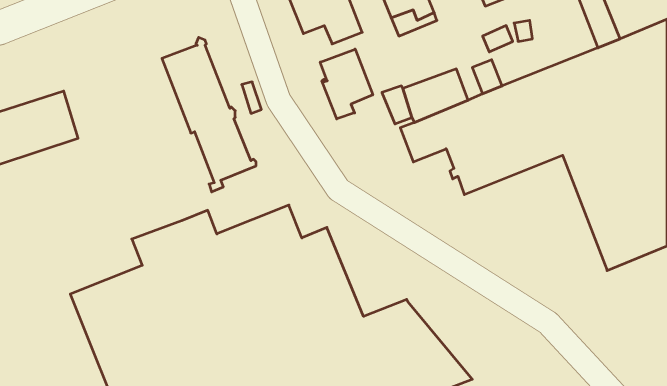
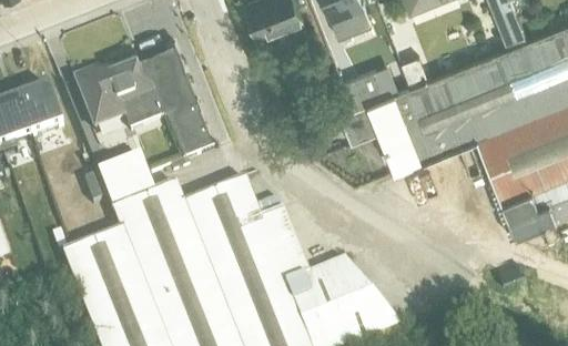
building: [320,49,373,119] -> none
building: none -> [75,53,162,134]
building: none -> [98,160,154,211]

